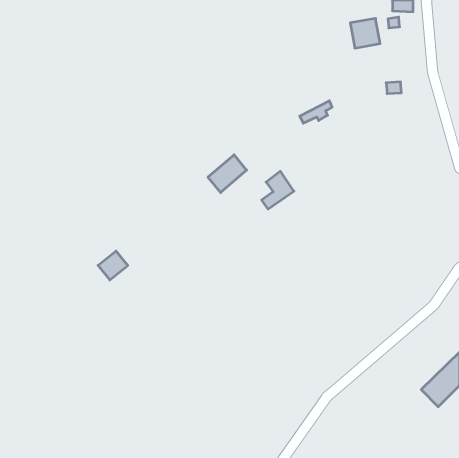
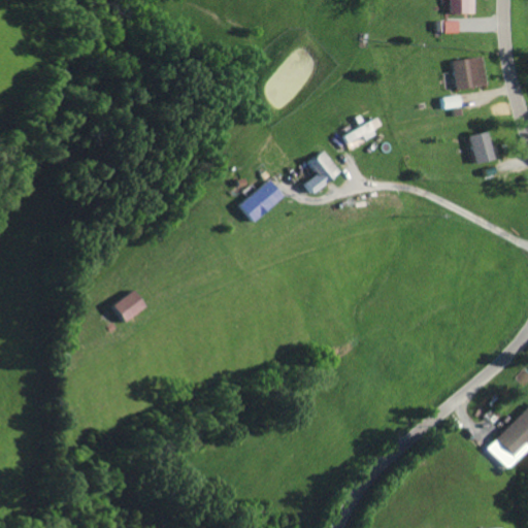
building: [350,18,380,48] -> [452,56,486,90]
building: none -> [469,131,494,164]
building: [262,171,294,209] -> [304,151,341,194]

